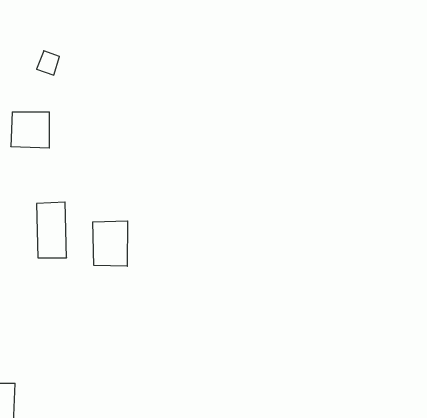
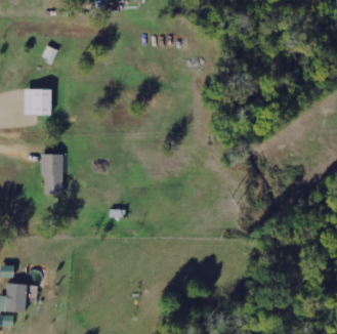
building: [93,221,127,266] -> none

